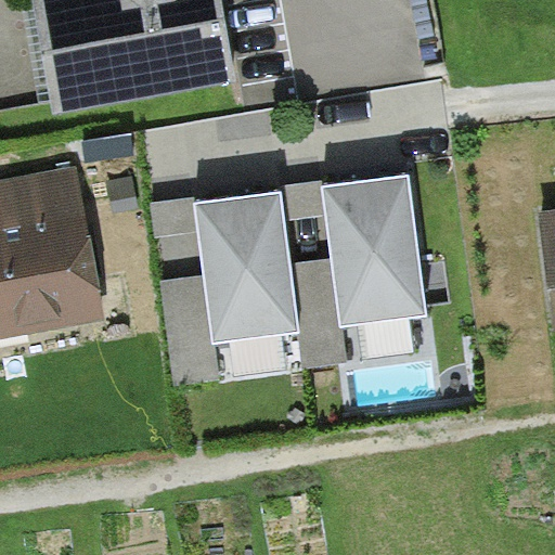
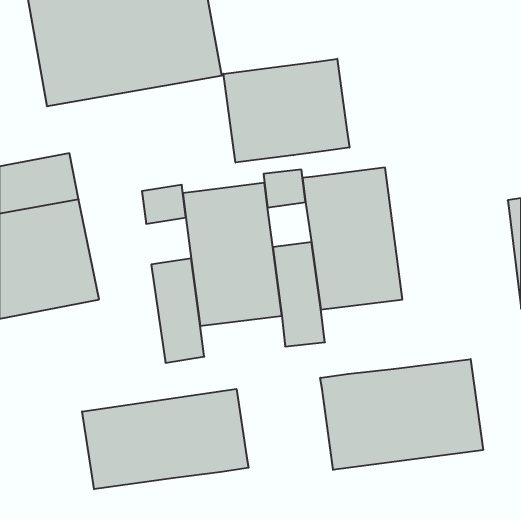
building: none -> [223,59,349,163]
building: none -> [320,359,483,470]
building: none -> [82,389,249,489]

